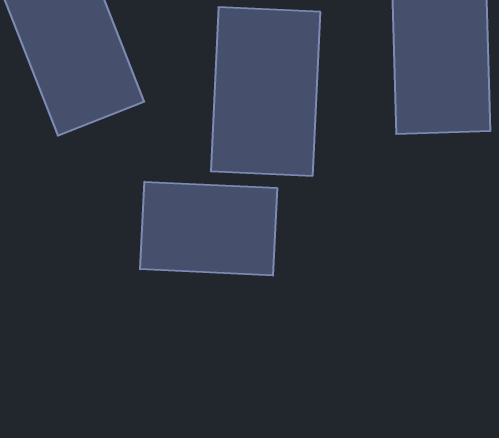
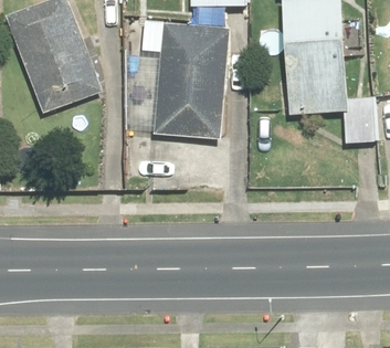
building: [140,182,277,276] -> none

